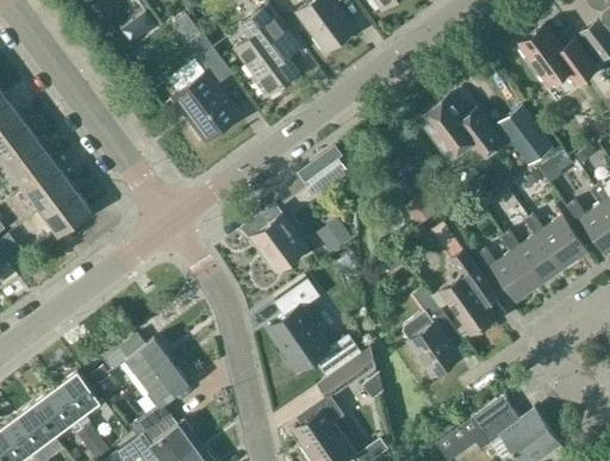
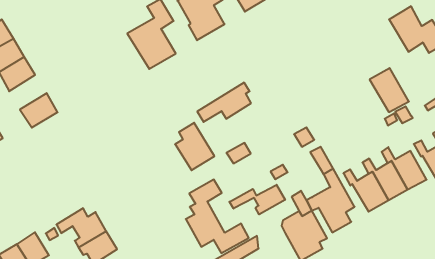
building: [417,96,500,160] -> none
building: [24,164,74,212] -> none
building: none -> [229,185,285,214]

